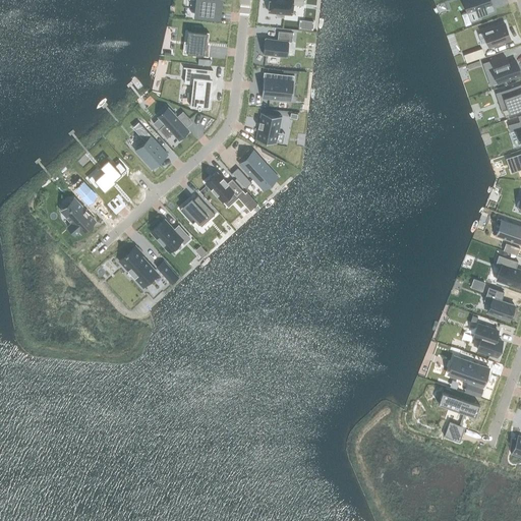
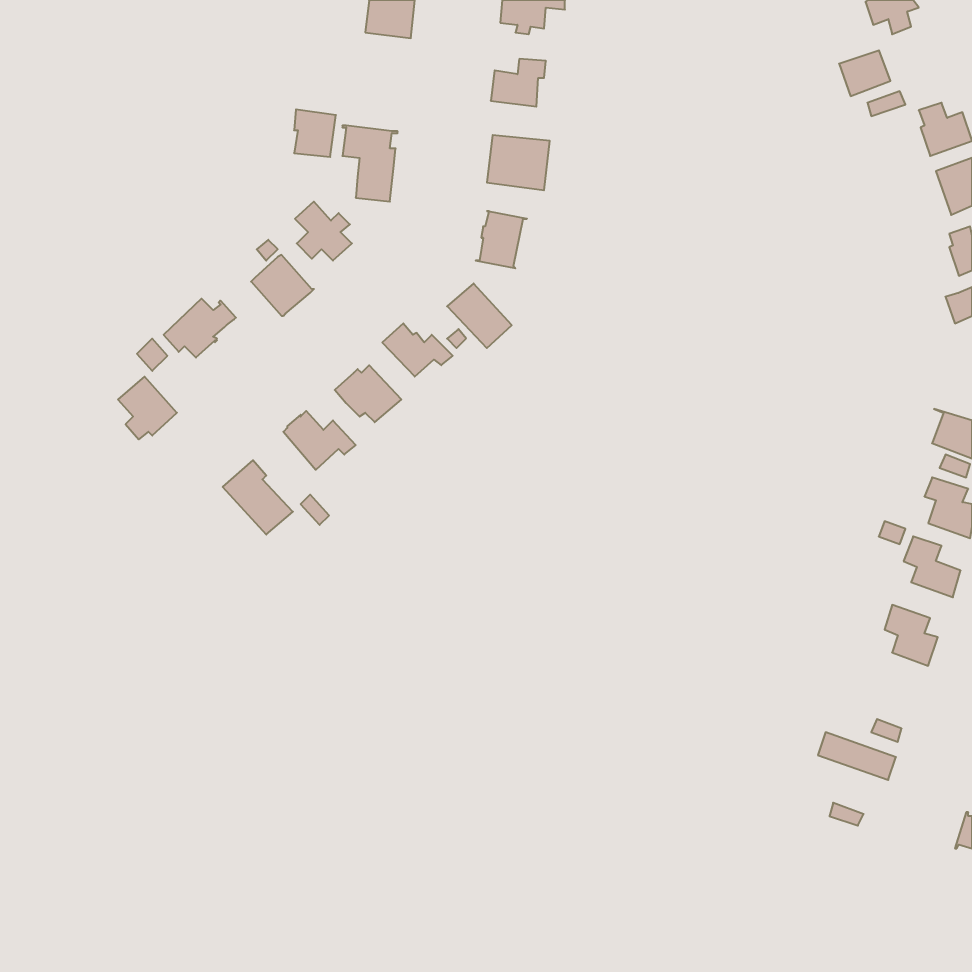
building: [482,23,510,48] -> [839,50,890,96]
building: [186,31,209,56] -> [294,109,336,157]
building: [452,358,488,386] -> none

